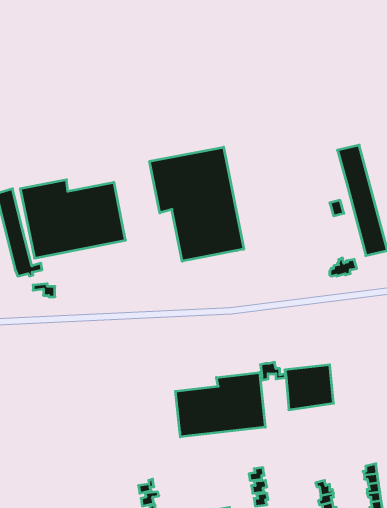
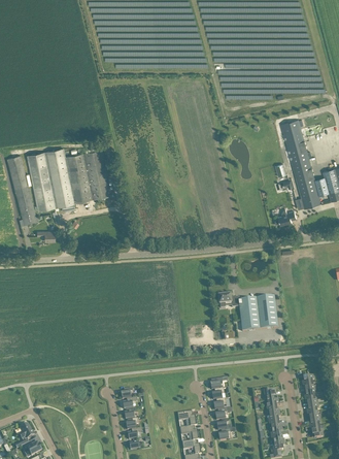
building: [150,147,244,261] -> none
building: [175,372,265,437] -> none

